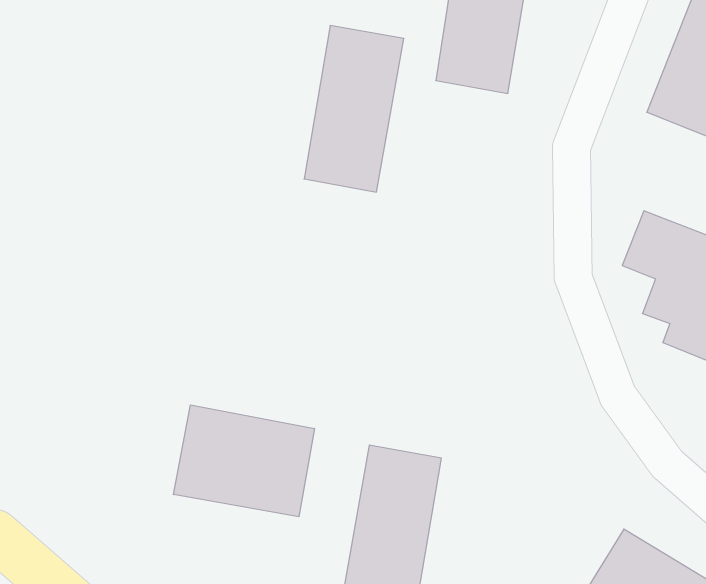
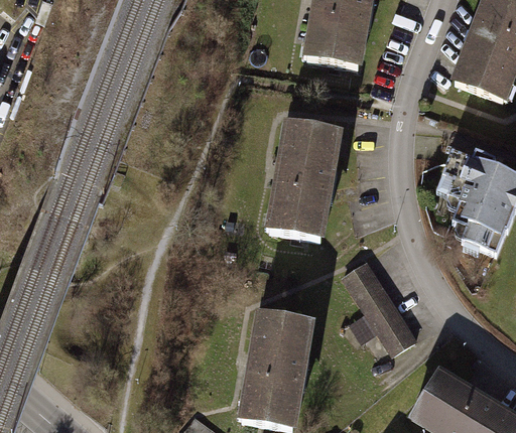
building: [304,26,404,192] -> [270,121,340,237]
building: none -> [345,259,416,356]
building: [173,405,314,517] -> none

